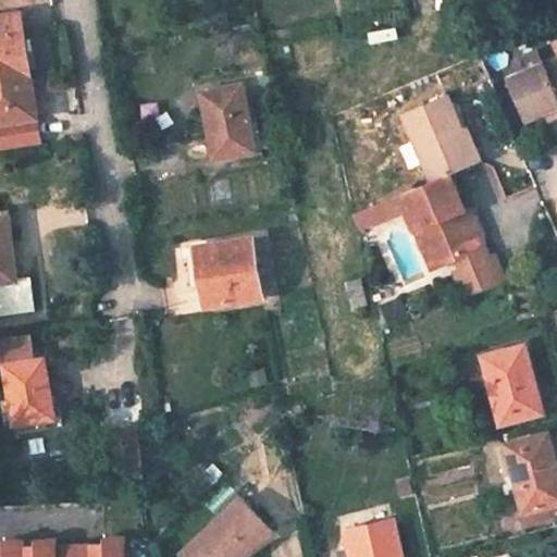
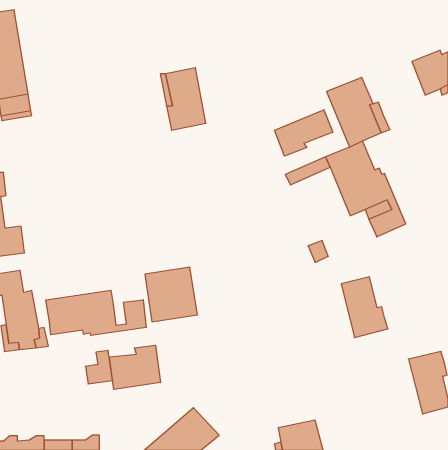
building: none -> [274,110,333,156]
building: [195,238,260,306] -> [145,267,198,322]
building: [482,348,540,423] -> [341,277,388,338]
building: none -> [46,290,146,336]
building: none -> [109,345,160,389]

